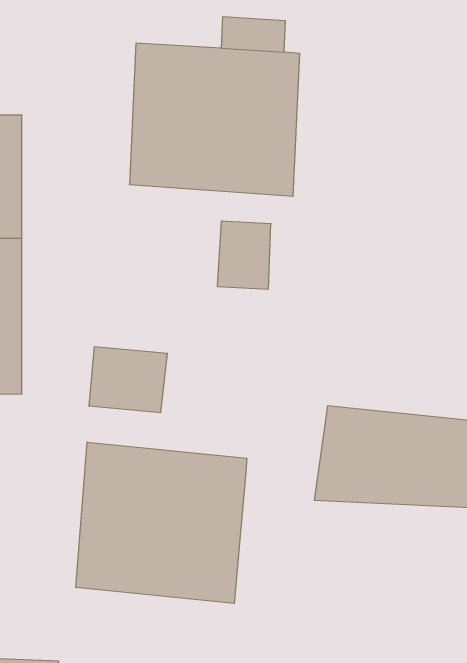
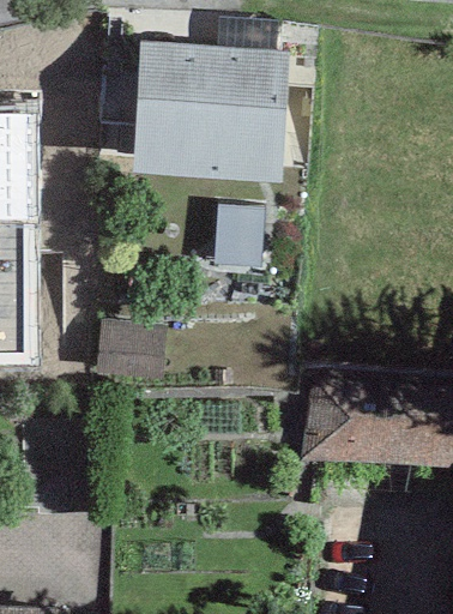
building: [76,442,247,604] -> none

